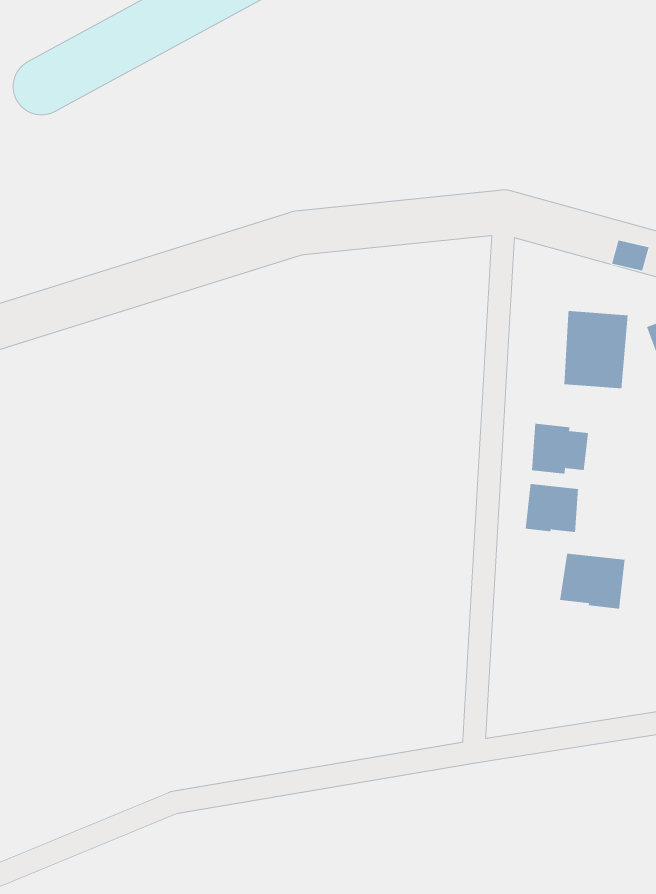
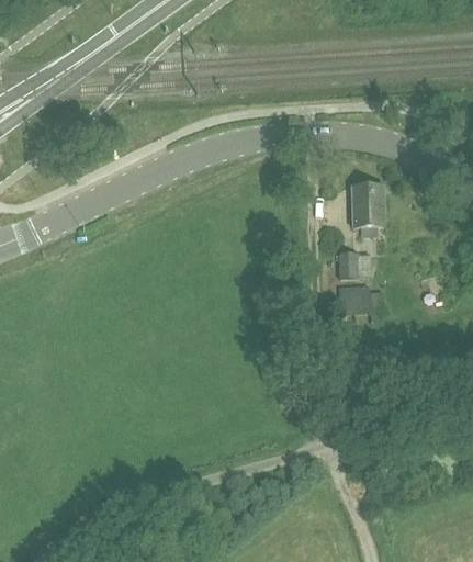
building: [559,553,625,609] -> none

